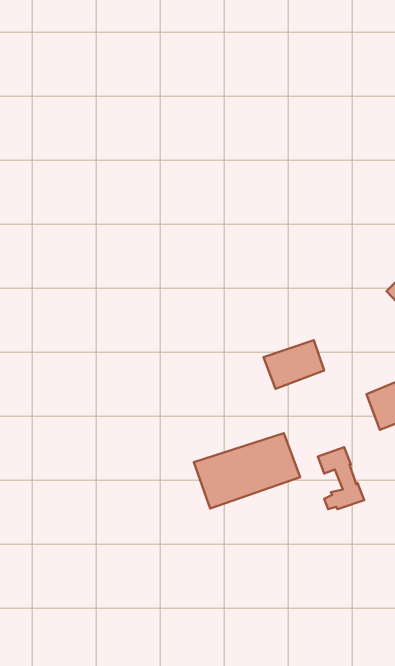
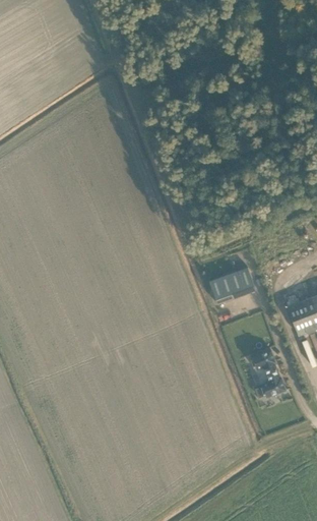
building: [194,433,300,509] -> none

